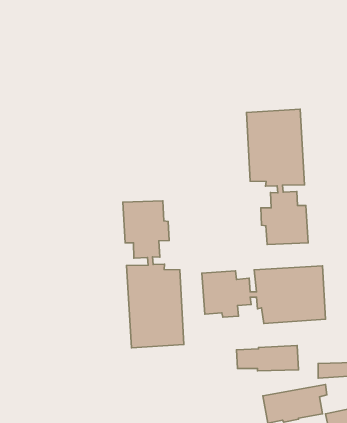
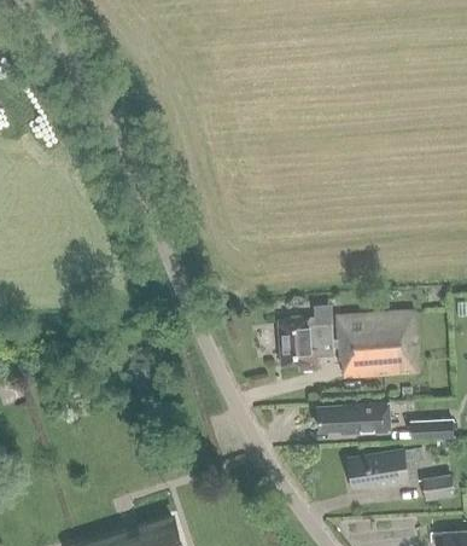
building: [247,109,308,245] -> none
building: [123,201,184,348] -> none

